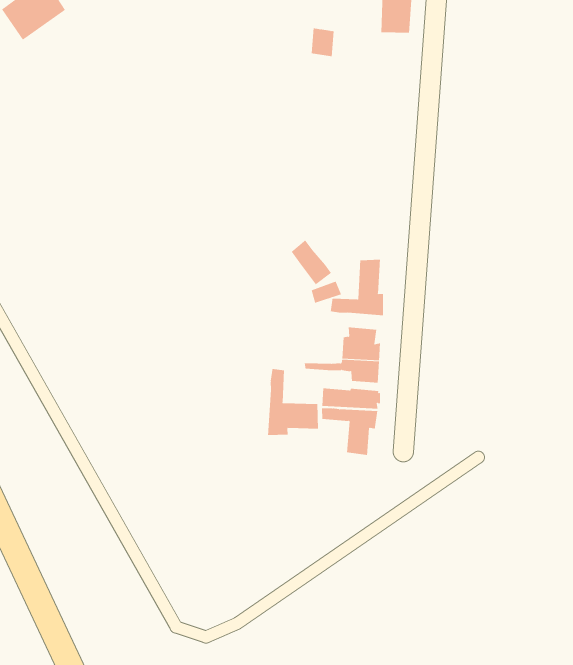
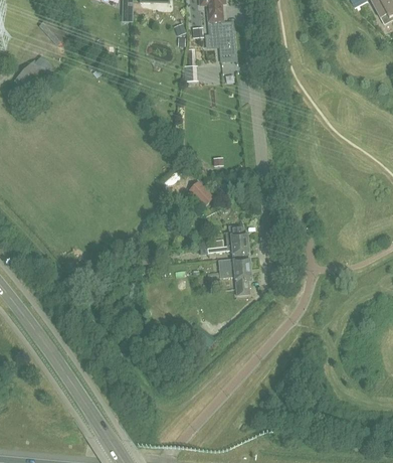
building: [330,259,384,316] -> none
building: [268,368,319,436] -> none

